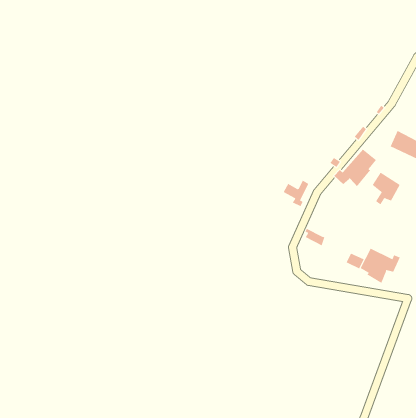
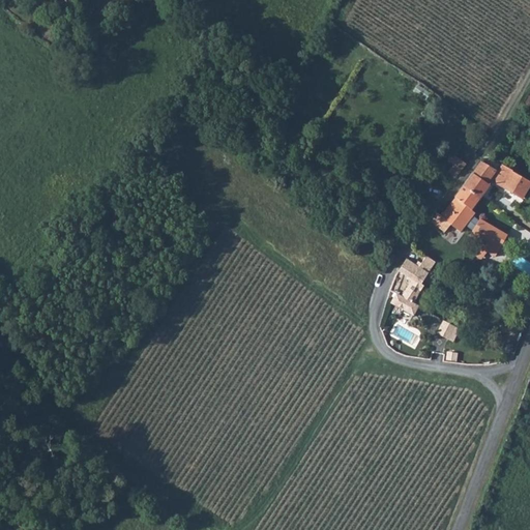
building: none -> [462,164,496,203]
building: [283,180,309,207] -> [395,254,429,288]
building: [360,248,401,284] -> none

